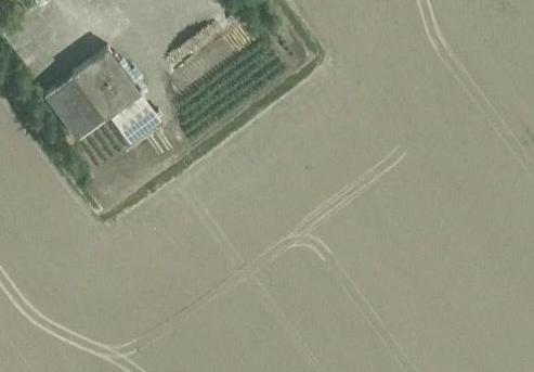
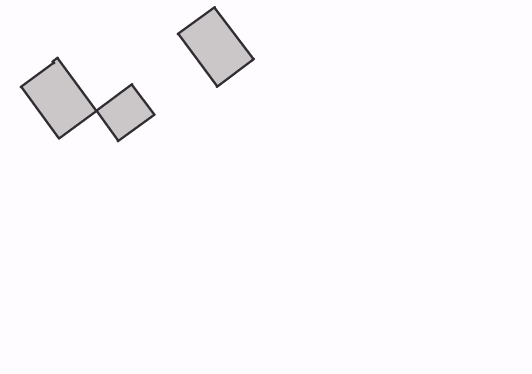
building: [76,49,141,117] -> [178,7,254,87]

